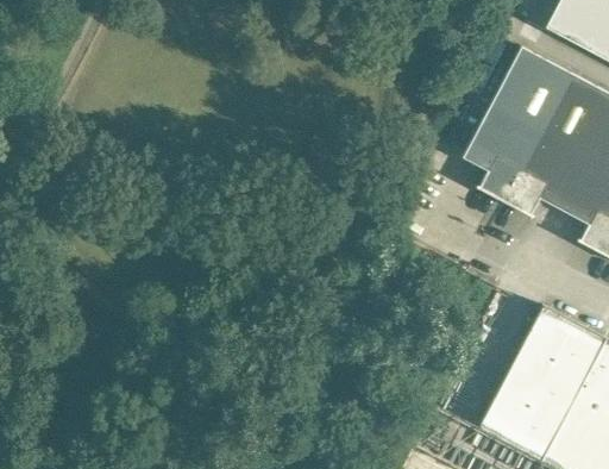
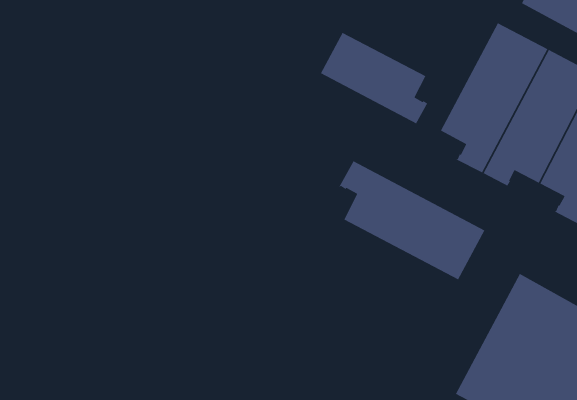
building: none -> [320,32,429,125]
building: none -> [338,160,485,280]

